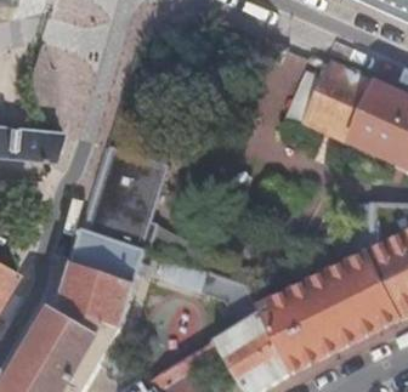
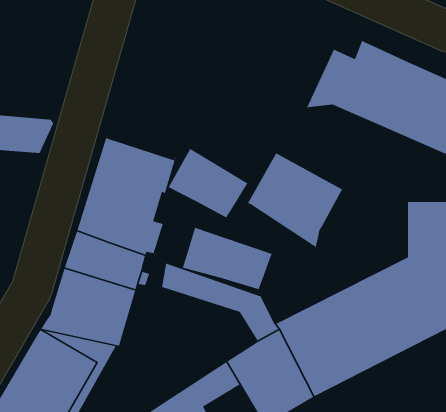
building: none -> [167,148,248,219]
building: none -> [247,152,343,248]
building: none -> [182,227,273,290]

